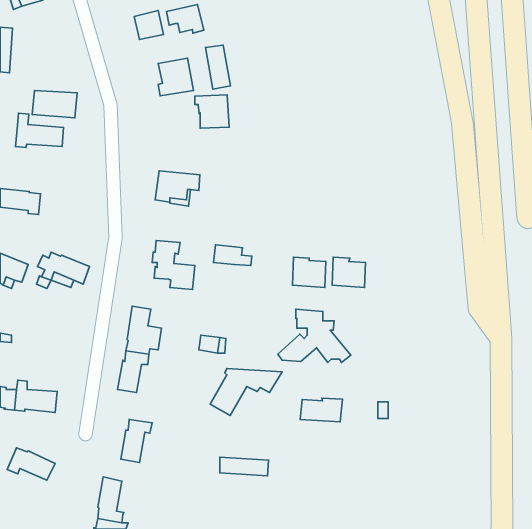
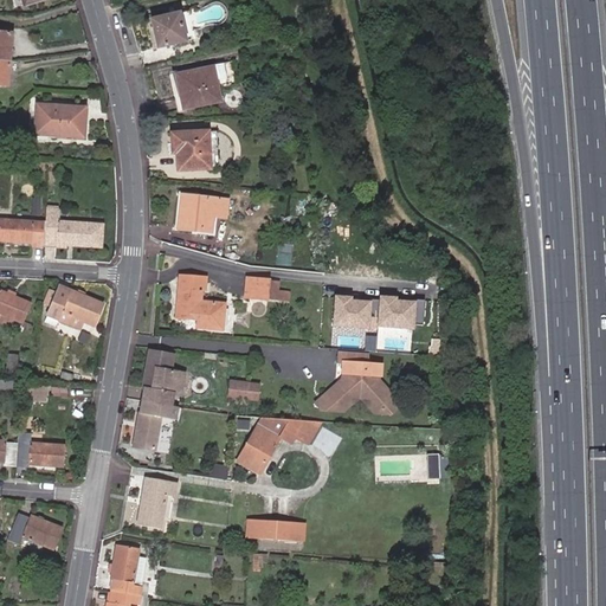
building: [167,5,204,33] -> none
building: [206,45,230,89] -> none
building: [195,95,229,128] -> [170,131,209,169]
building: [15,113,63,147] -> [44,206,98,245]
building: [300,398,342,422] -> none

